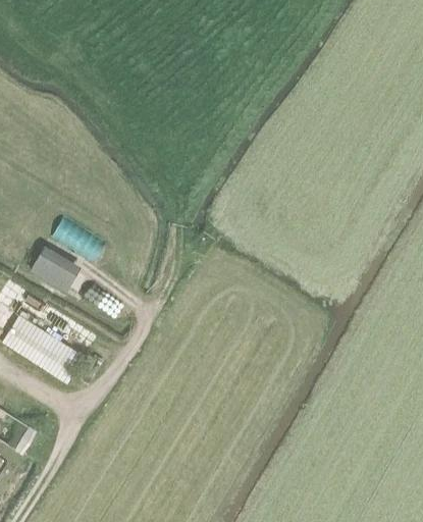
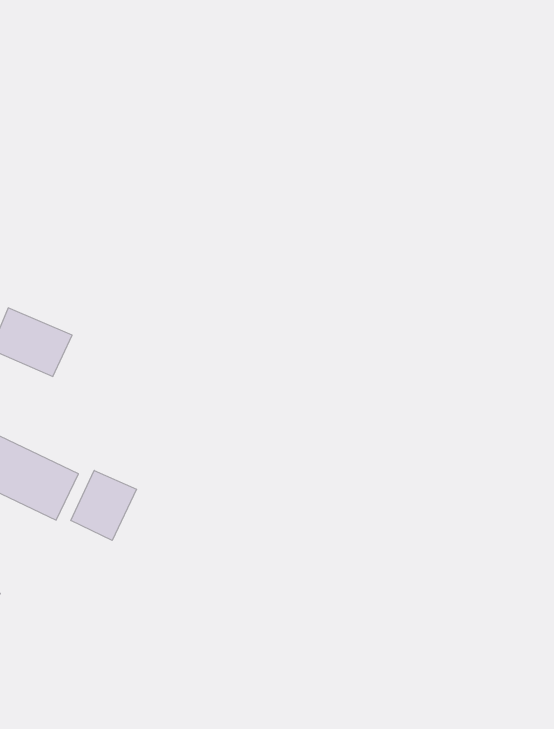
building: none -> [71,470,137,540]

